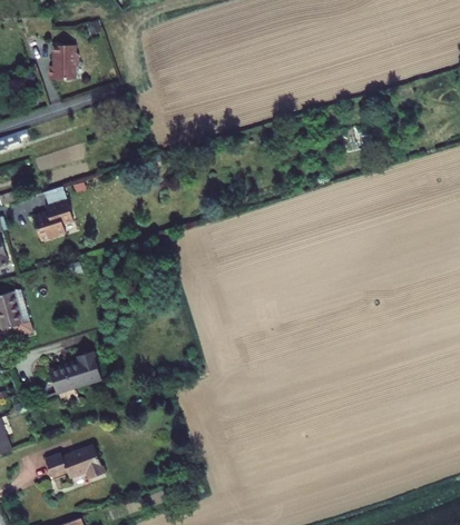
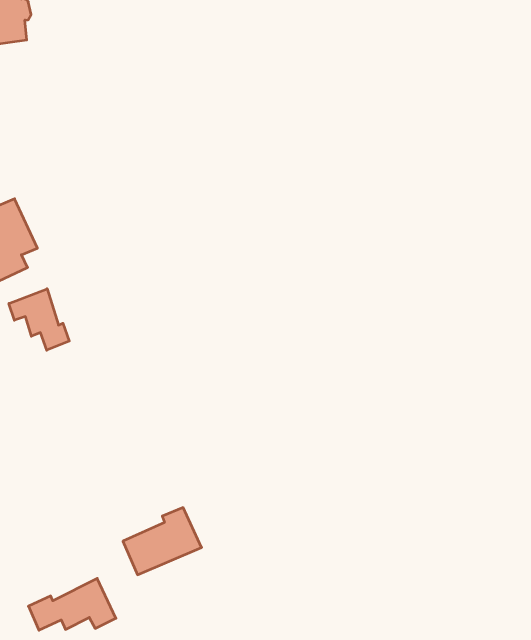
building: none -> [9,289,69,350]
building: [48,350,100,393] -> [123,508,202,575]

